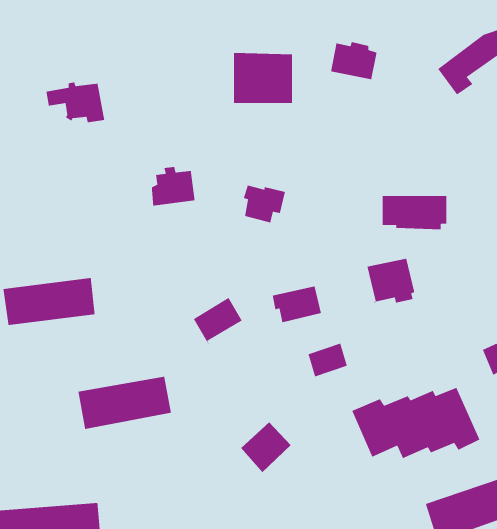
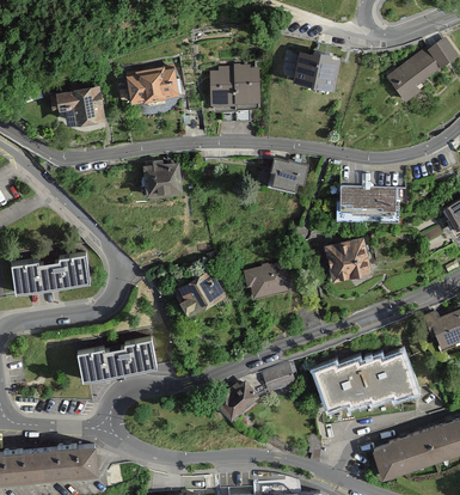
building: none -> [127,66,179,104]
building: [243,185,286,224] -> [269,157,306,190]
building: [307,343,348,377] -> [262,363,296,393]

